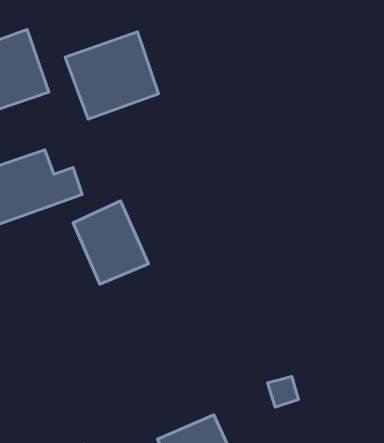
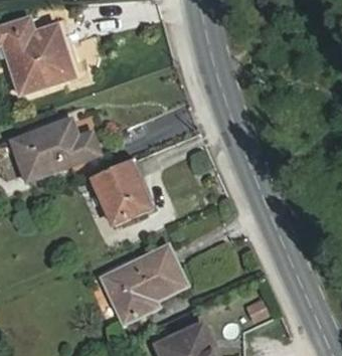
building: [65,32,158,119] -> none
building: none -> [102,247,184,323]

